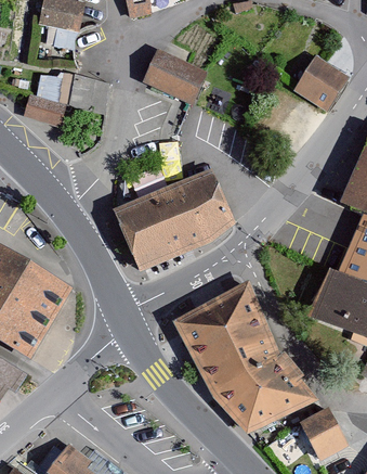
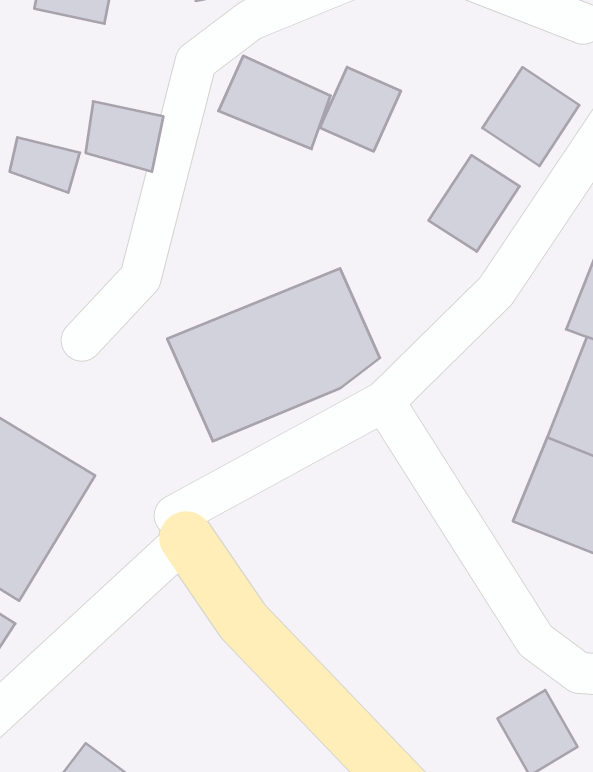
building: none -> [320,67,401,151]
building: none -> [429,155,520,252]
building: [173,283,317,435] -> none

